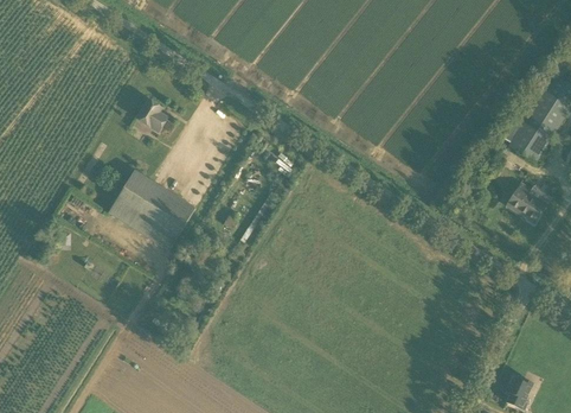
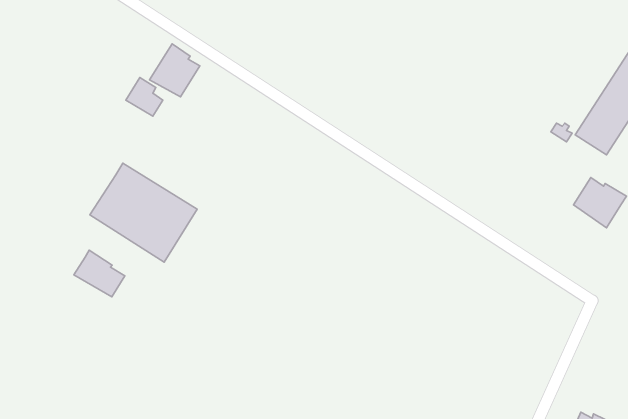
building: none -> [150,44,200,97]
building: none -> [74,250,125,297]

